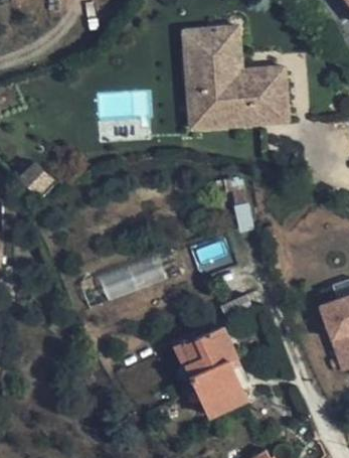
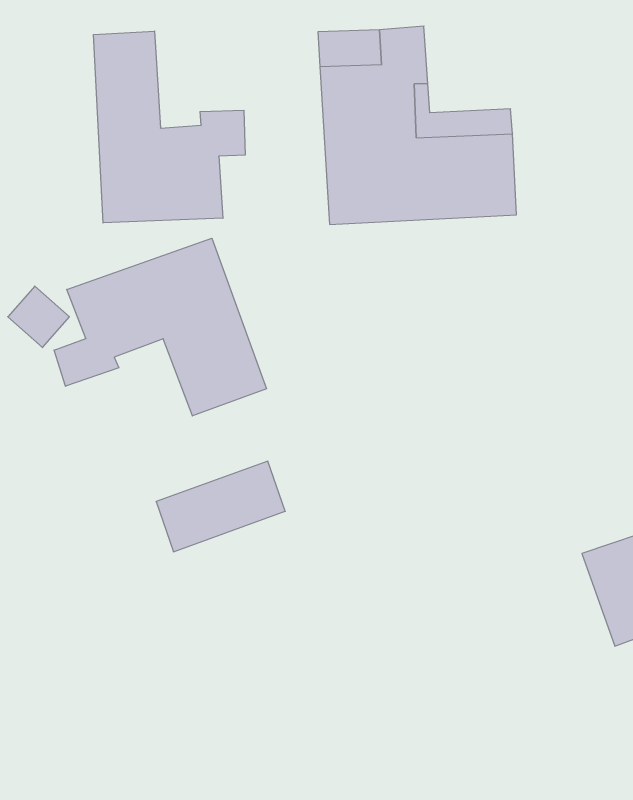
building: none -> [93,31,245,223]
building: none -> [54,238,266,416]
building: [179,326,246,415] -> none

